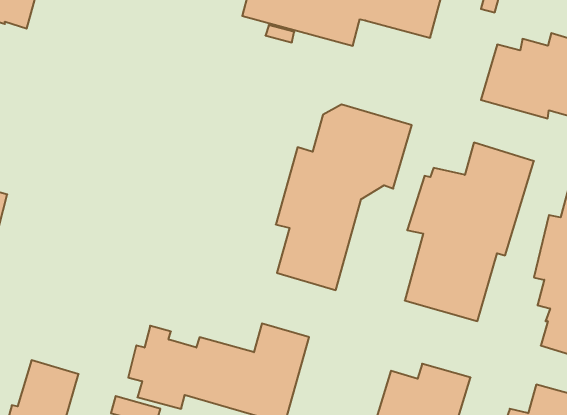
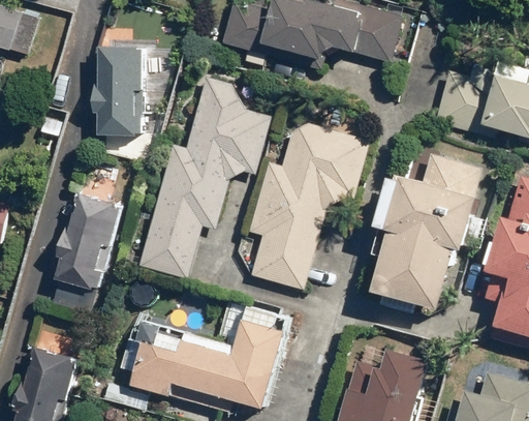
building: none -> [97,46,144,136]
building: none -> [138,78,271,278]
building: none -> [53,197,121,296]

